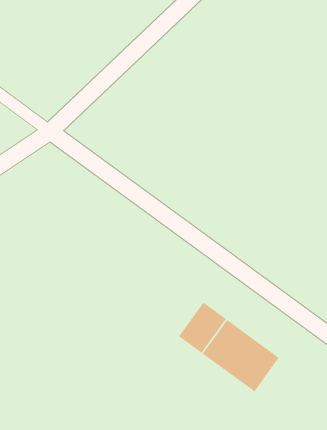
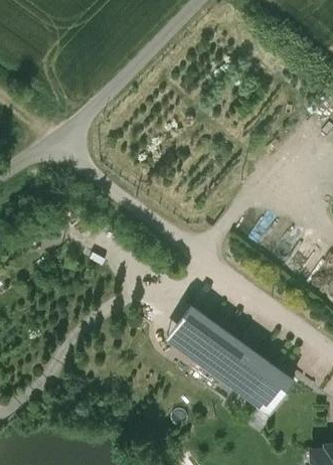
building: none -> [238,357,294,413]

